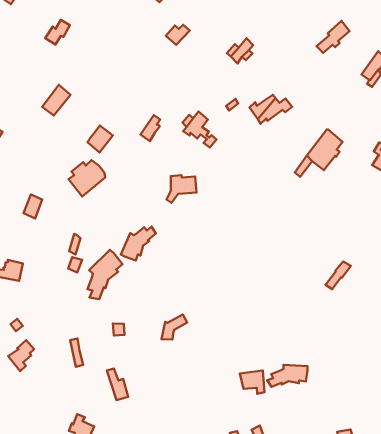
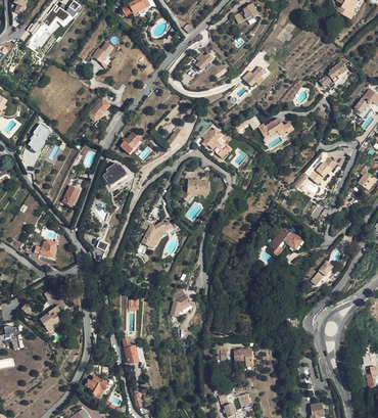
building: none -> [269,227,303,256]
building: [88,250,123,299] -> none
building: [267,365,308,387] -> none

